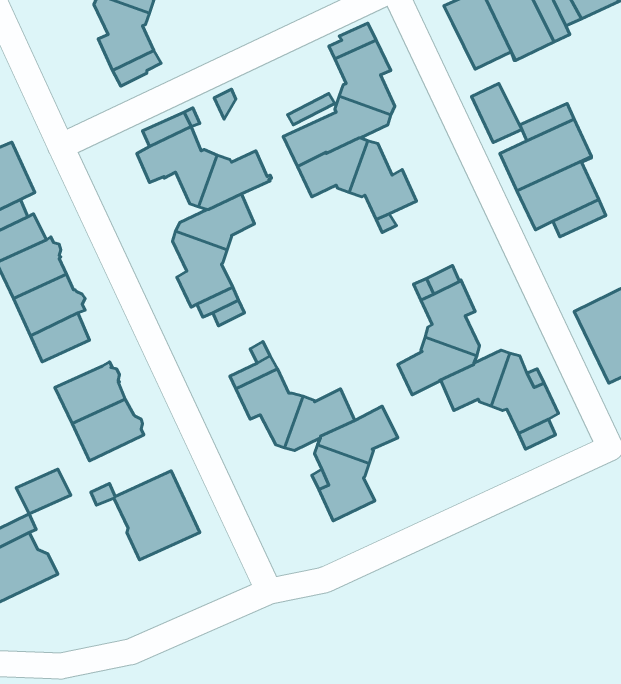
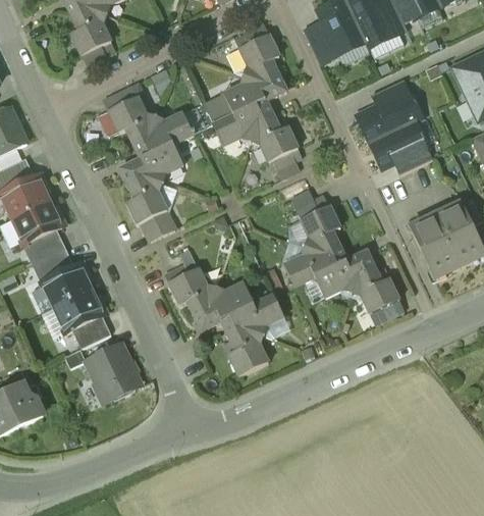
building: [472,84,522,142] -> [304,22,339,64]
building: none -> [32,248,74,281]
building: [16,469,71,514] -> [72,316,111,348]

